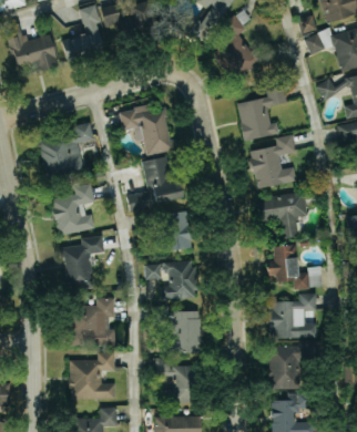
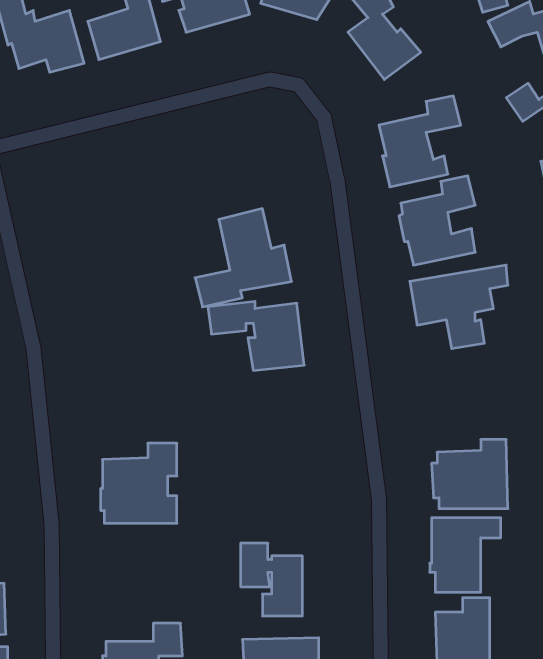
building: [119,103,172,155] -> none
building: [38,122,94,179] -> none
building: [51,184,94,236] -> none
building: [60,236,104,291] -> none
building: [267,245,323,291] -> none
building: [144,261,196,301] -> none
building: [151,306,202,353] -> none
building: [69,352,114,399] -> none

